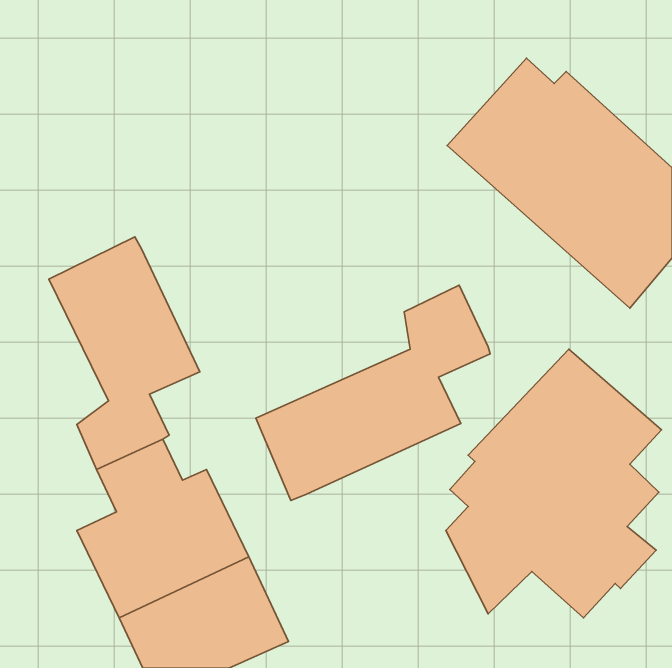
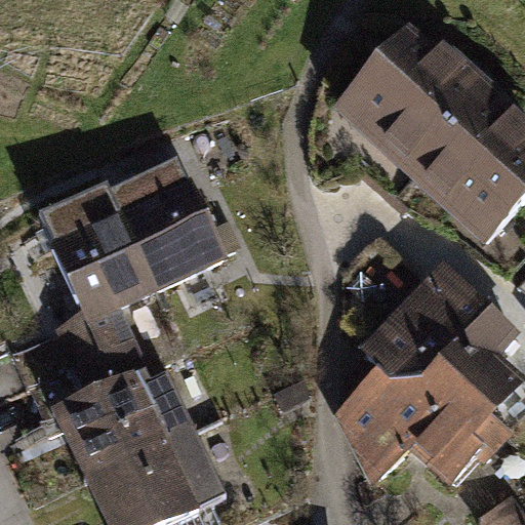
building: none -> [110,161,221,288]
building: [256,285,490,501] -> none

